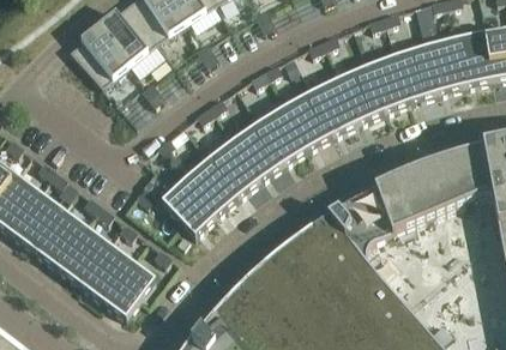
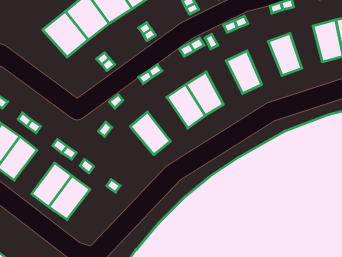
building: [394,44,436,99] -> none
building: [338,65,384,121] -> none
building: [284,90,332,147] -> none
building: [207,138,260,195] -> none
building: [161,176,216,234] -> none
building: [32,207,85,265] -> none
building: [102,259,156,316] -> none

